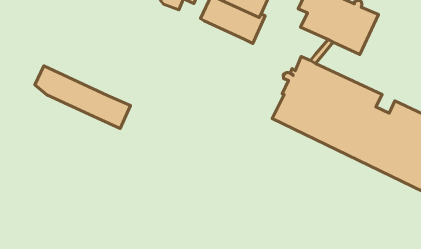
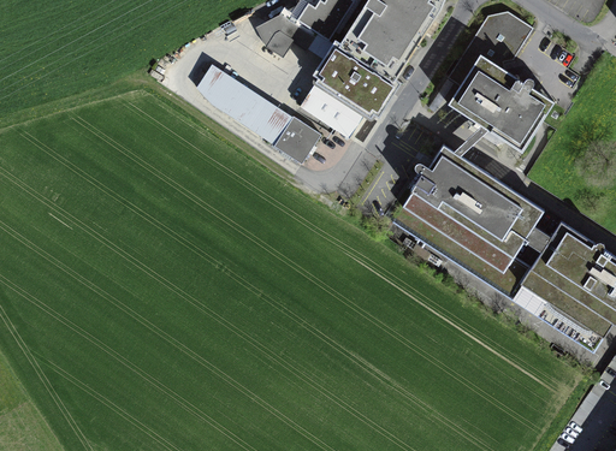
building: none -> [298,78,368,140]
building: [35,66,130,128] -> [200,65,325,164]

